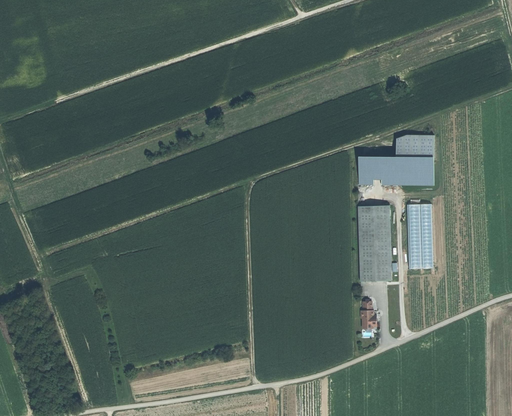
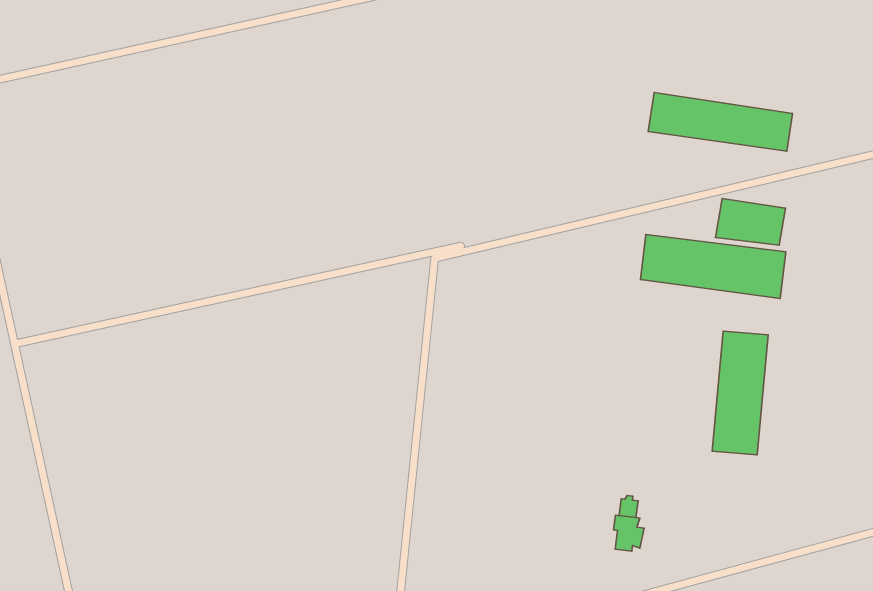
building: none -> [648,92,793,151]
building: [358,204,391,280] -> none

